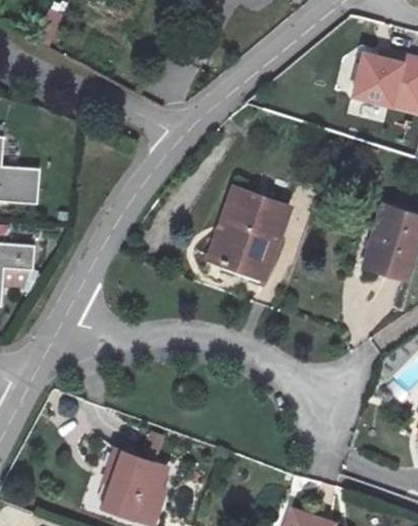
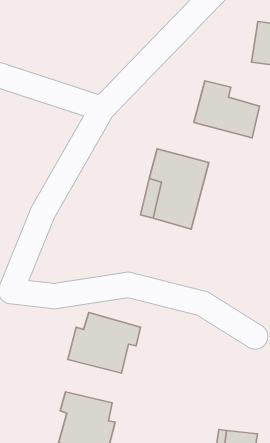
building: none -> [194,81,260,138]
building: none -> [68,313,141,373]

